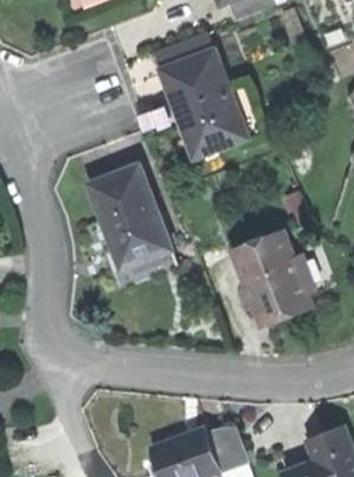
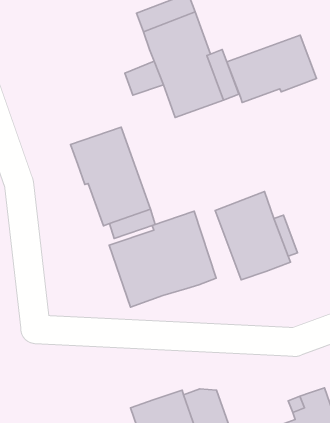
building: none -> [227,35,316,103]
building: none -> [109,211,216,307]

